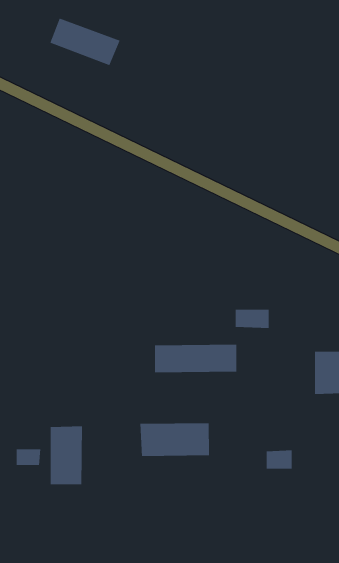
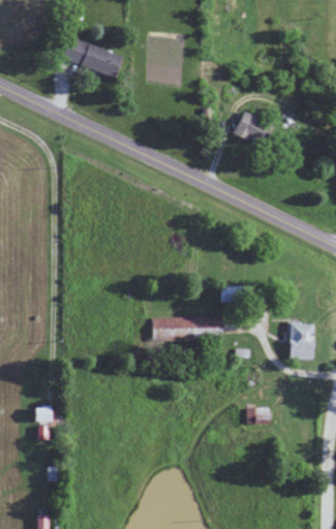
building: none -> [232,112,269,146]
building: [140,423,210,457] -> none
building: [50,426,82,485] -> none

